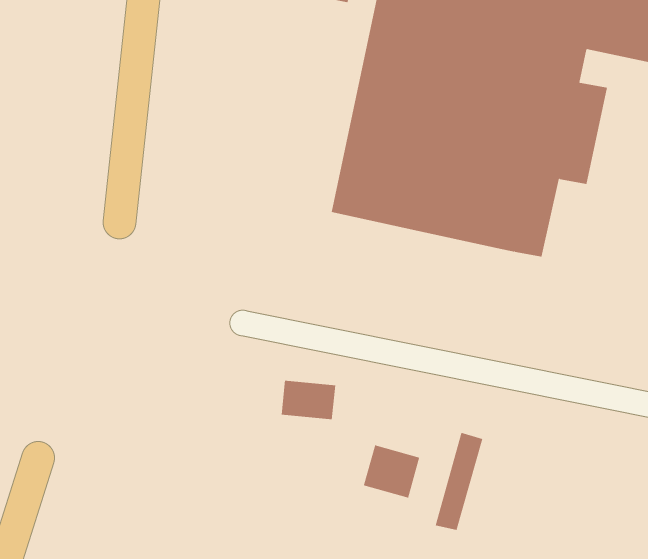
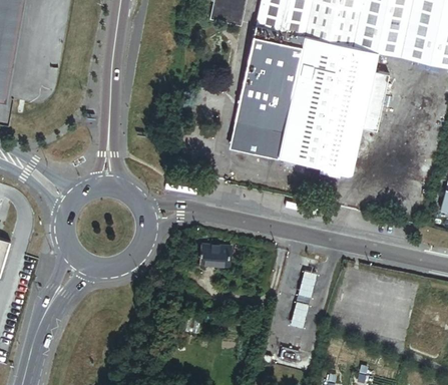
building: [363,445,420,498] -> none

